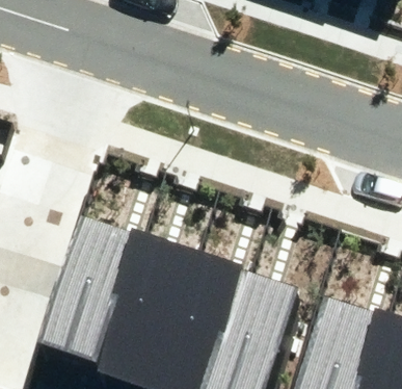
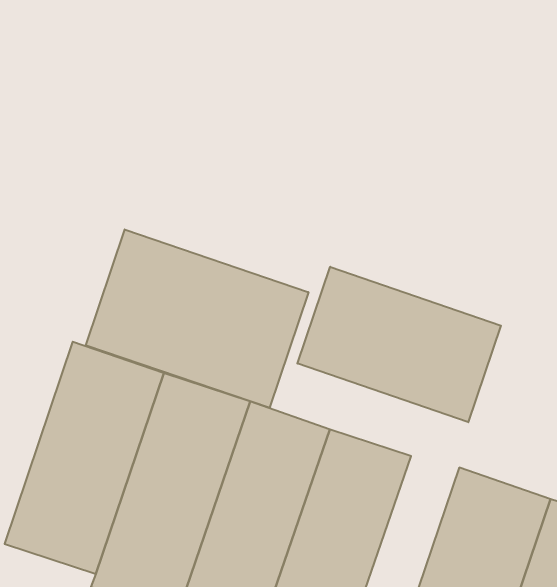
building: none -> [86,229,308,408]
building: none -> [297,267,501,422]

